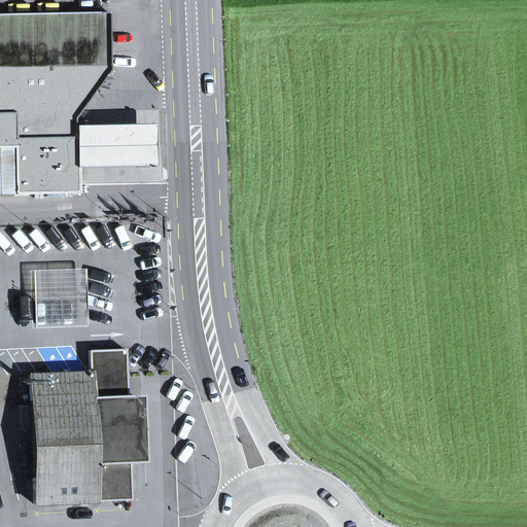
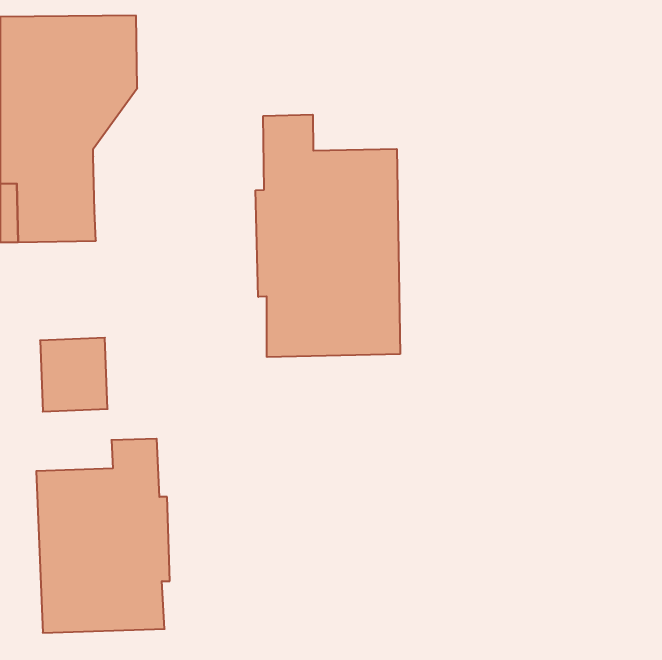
building: none -> [256,115,400,357]
building: [74,122,155,168] -> none

